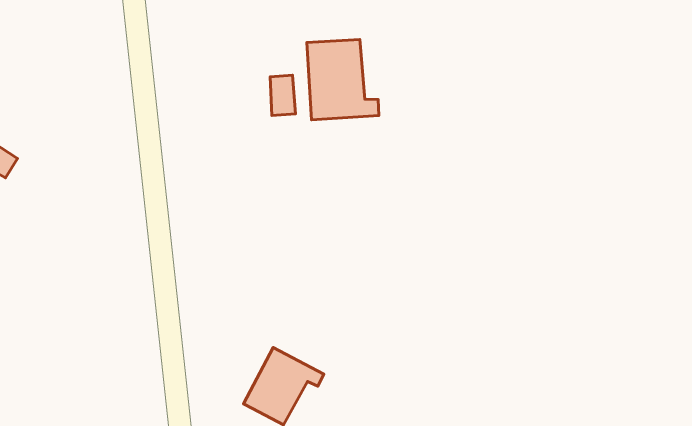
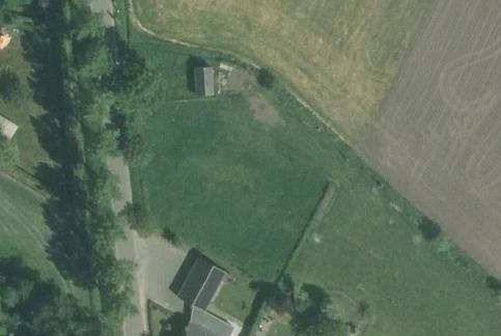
building: [307,39,379,120] -> none

